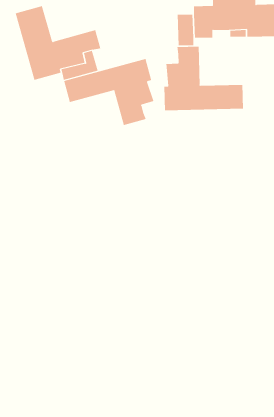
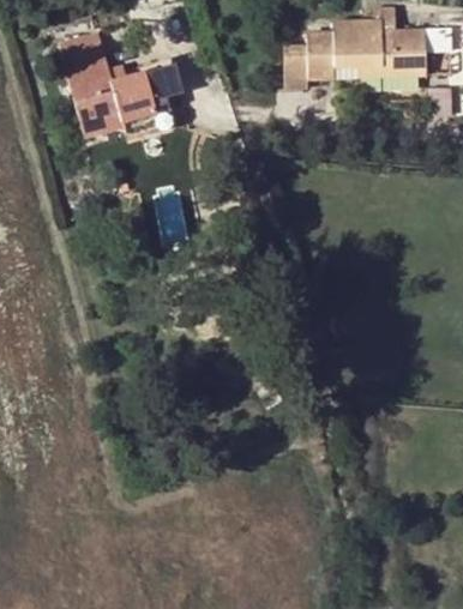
building: [164,46,244,111] -> none
building: [63,58,154,126] -> none

